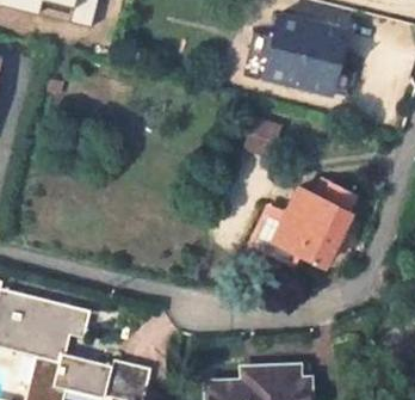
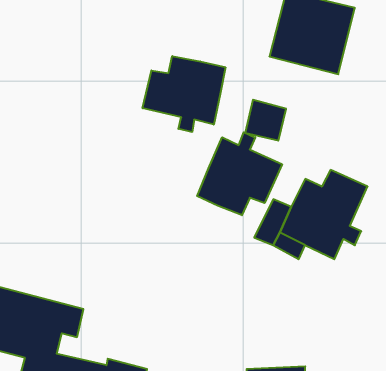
building: none -> [143,56,225,132]
building: none -> [197,132,282,215]

